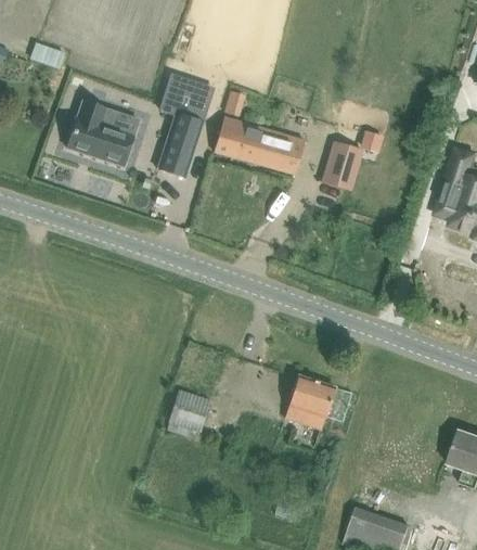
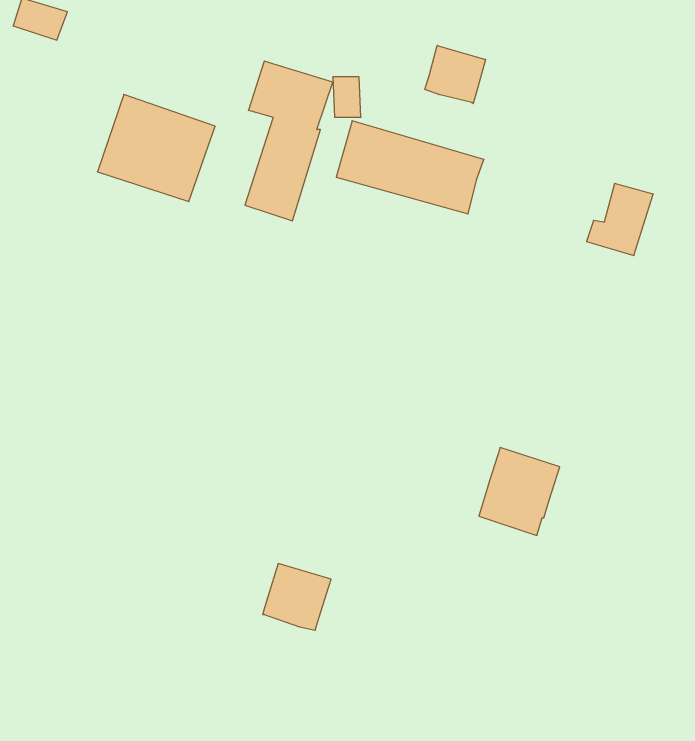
building: none -> [425,45,486,104]
building: [321,144,362,189] -> [587,184,653,256]
building: [285,374,335,429] -> [479,448,560,535]

